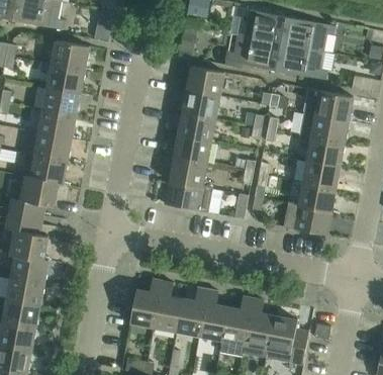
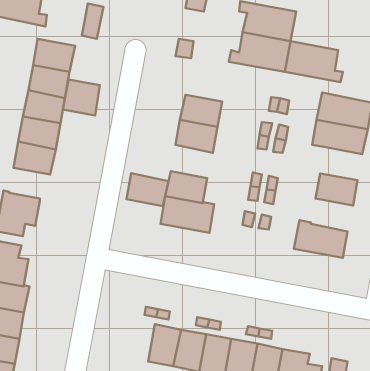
building: [280,17,334,52] -> none
building: [187,67,224,97] -> none
building: none -> [63,79,100,116]
building: [174,135,211,165] -> [126,173,169,206]
building: [306,137,344,167] -> none
building: [30,156,67,185] -> none
building: [298,183,336,212] -> none
building: [129,290,160,327] -> none

